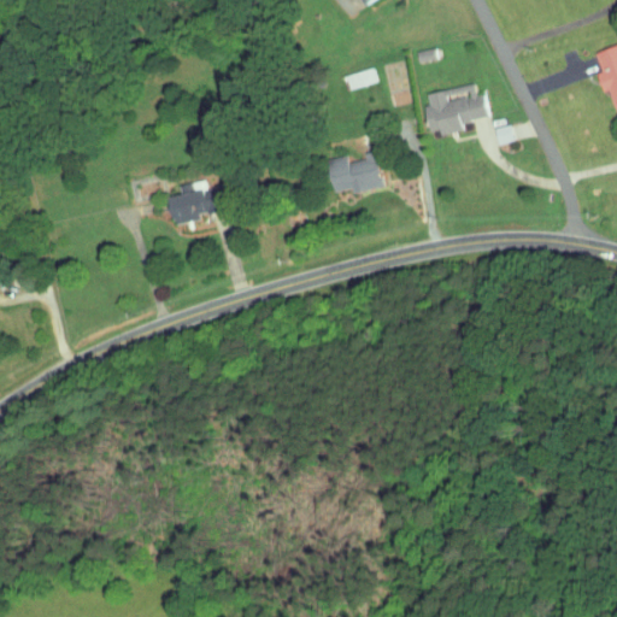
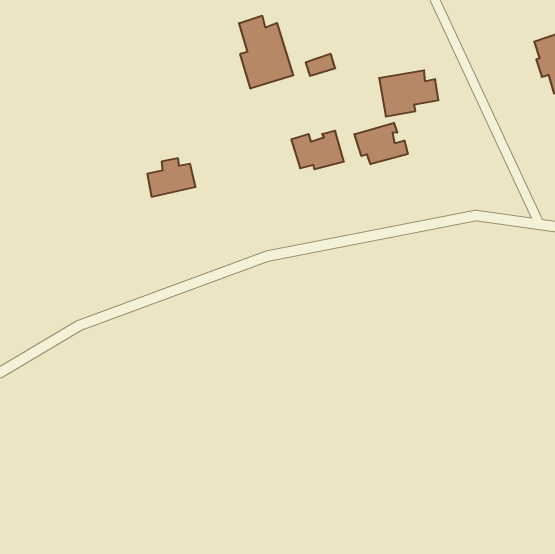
building: none -> [239,16,293,89]
building: none -> [354,123,408,164]

